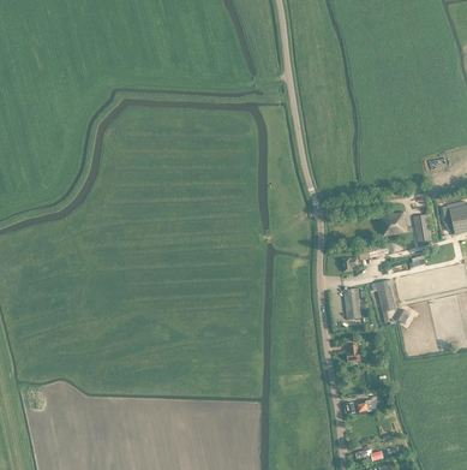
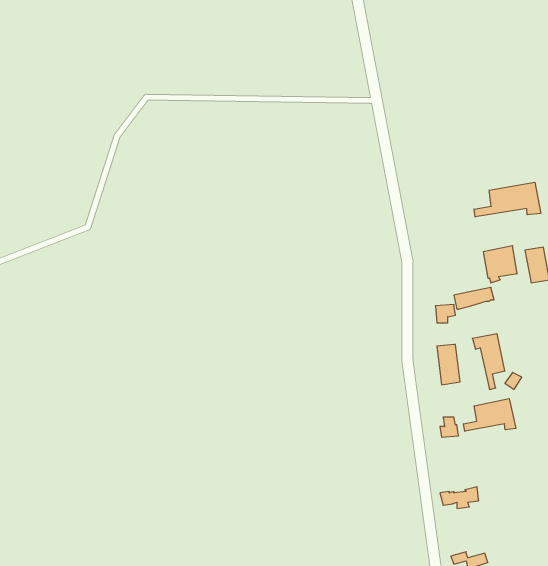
building: none -> [474,182,541,217]
building: none -> [464,399,516,431]

